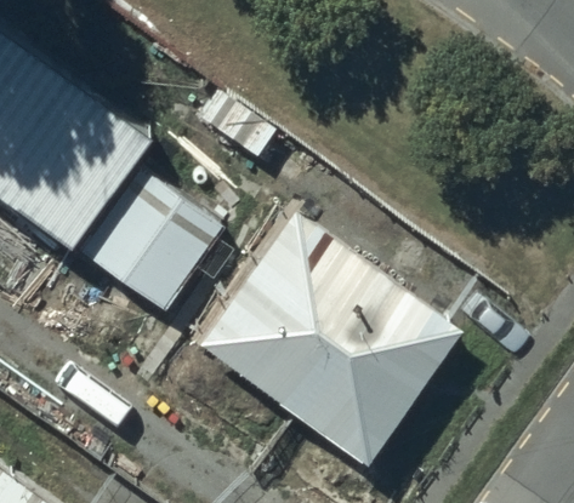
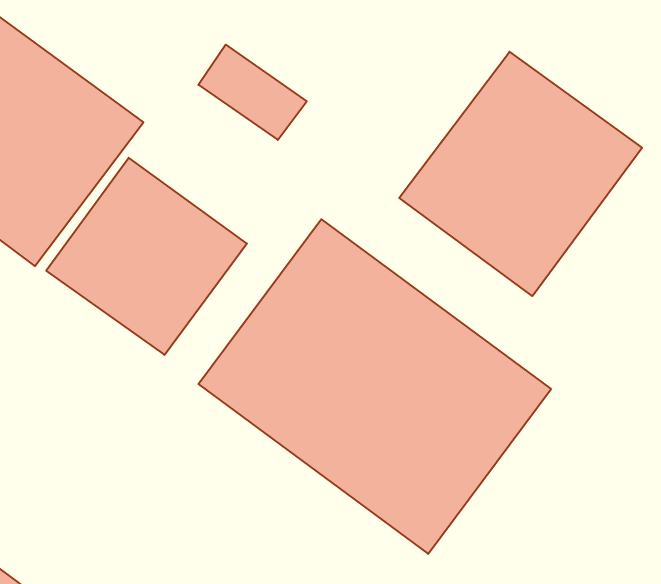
building: none -> [399,52,642,296]

